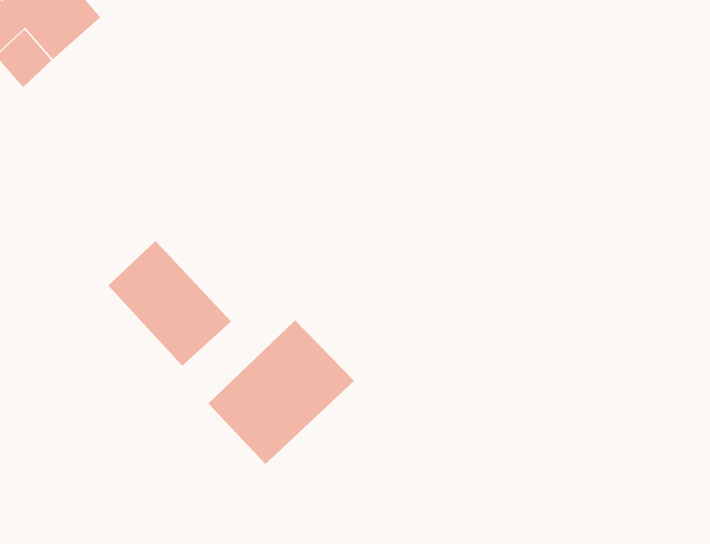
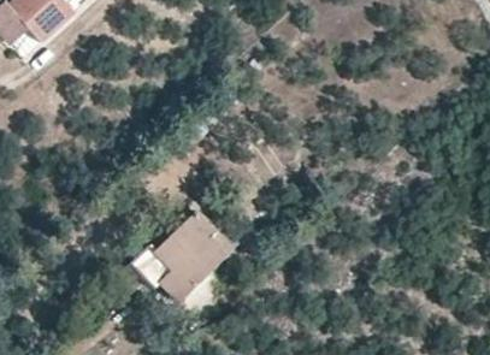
building: [107,240,232,366] -> none

